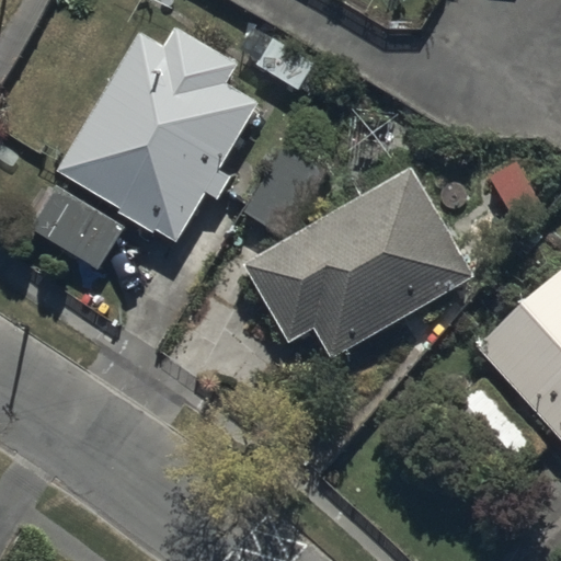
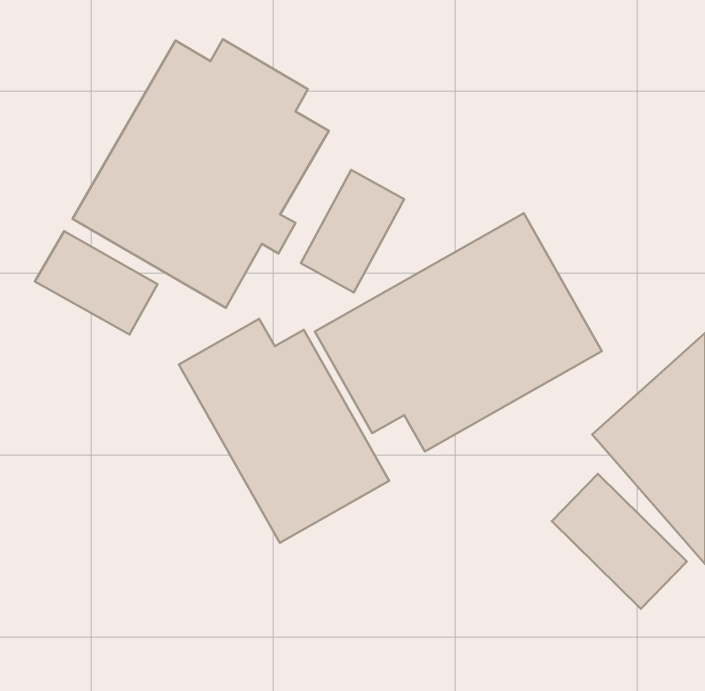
building: none -> [179,319,389,543]

